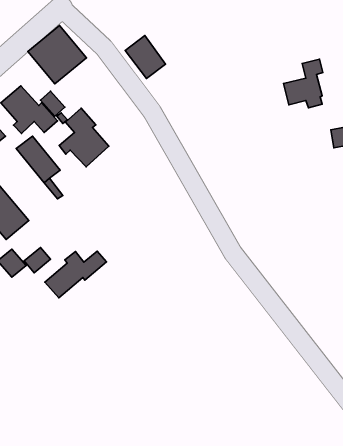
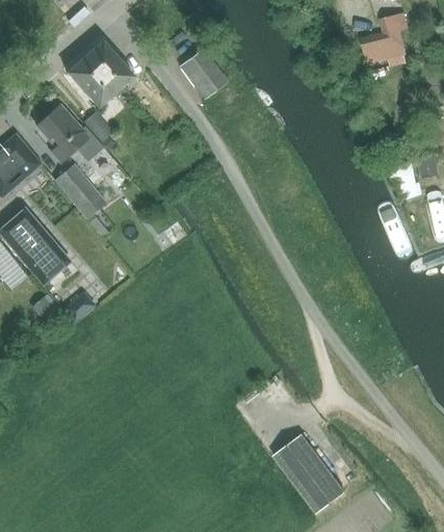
building: [283,59,323,108] -> [361,12,407,69]
building: [59,108,109,167] -> none
building: [45,251,107,298] -> none
building: none -> [275,434,346,513]

